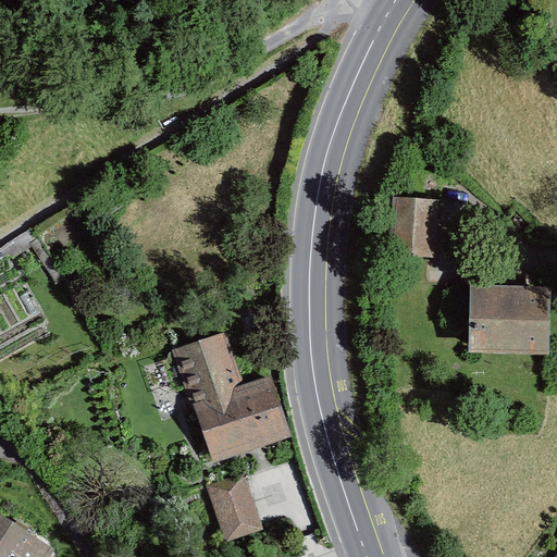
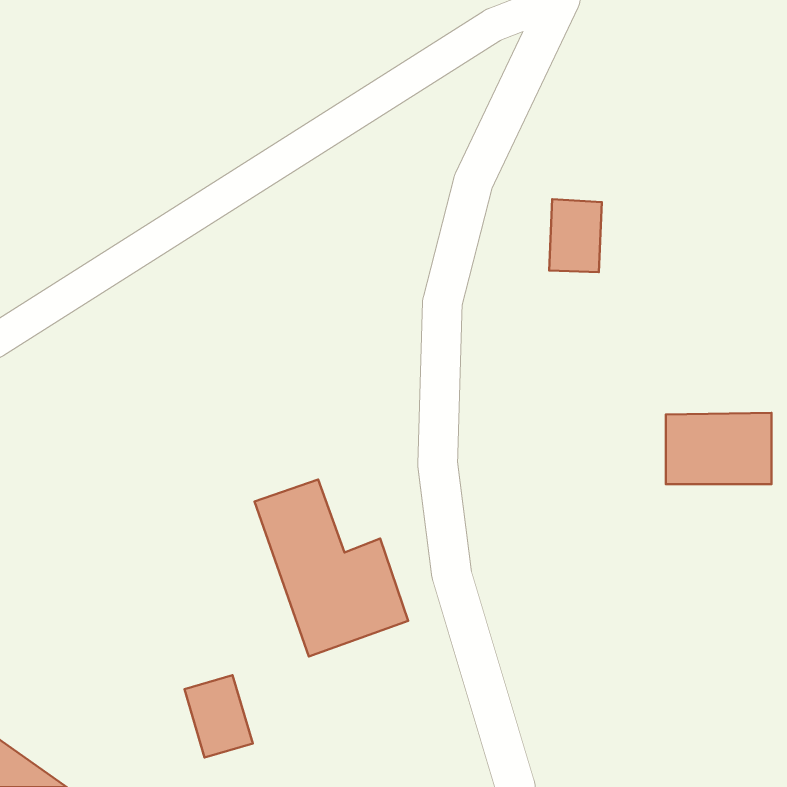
building: [394,201,431,252] -> [549,199,602,272]
building: [213,480,261,537] -> [184,675,253,758]

